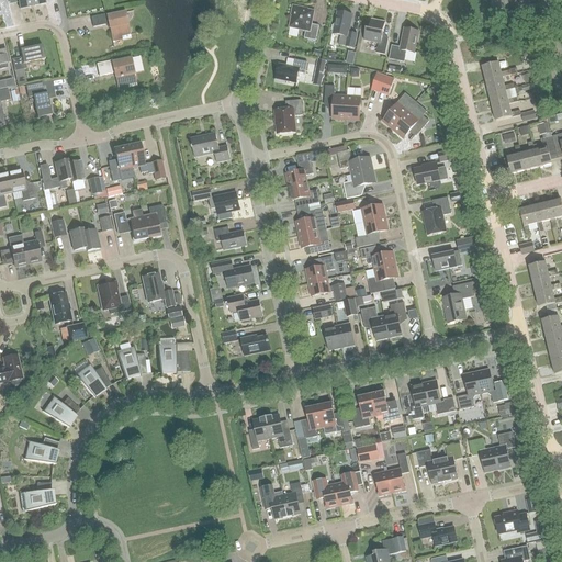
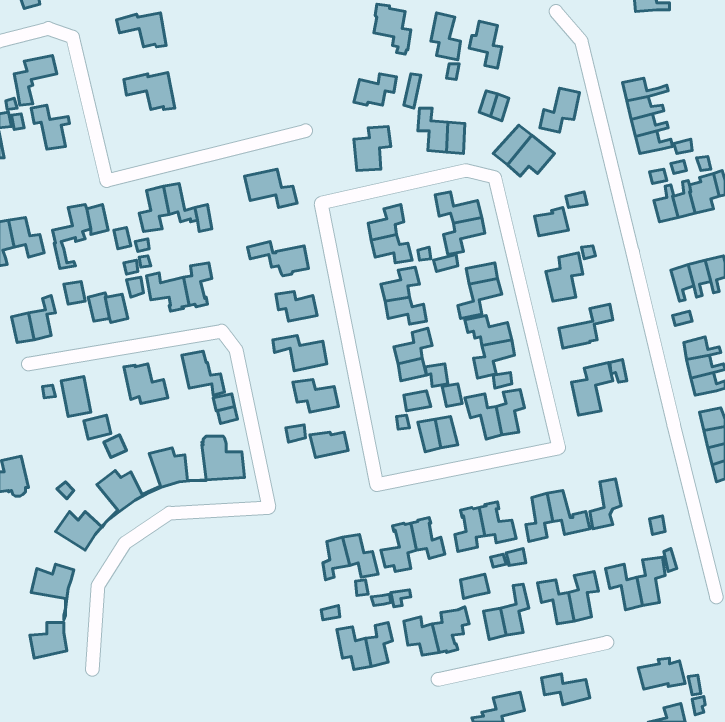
building: [387,26,418,60] -> [540,88,580,132]
building: [475,367,507,401] -> none

